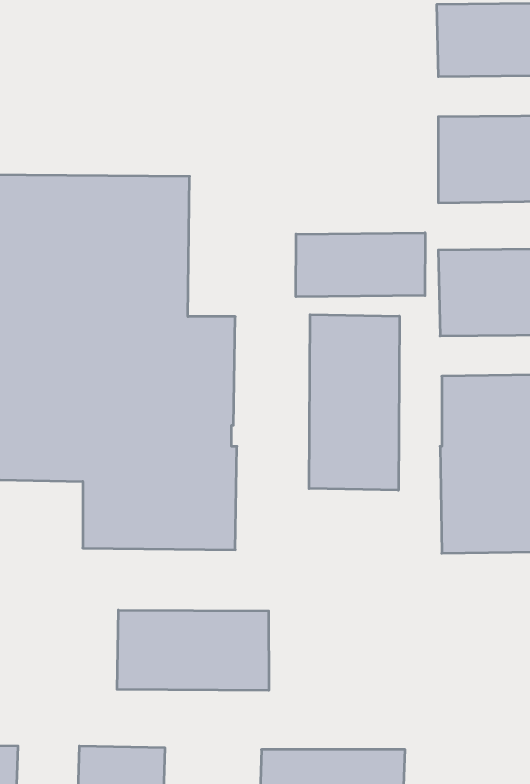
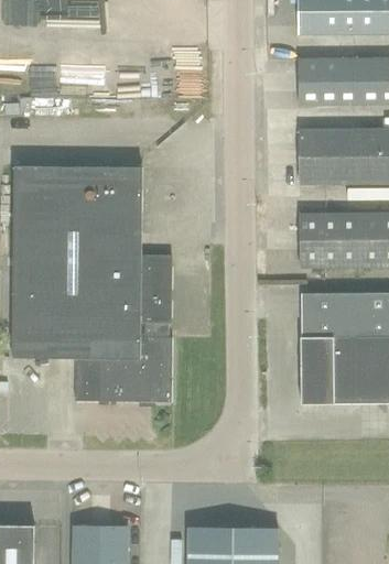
building: [296,233,425,297] -> none
building: [309,315,399,490] -> none
building: [117,610,269,690] -> none

